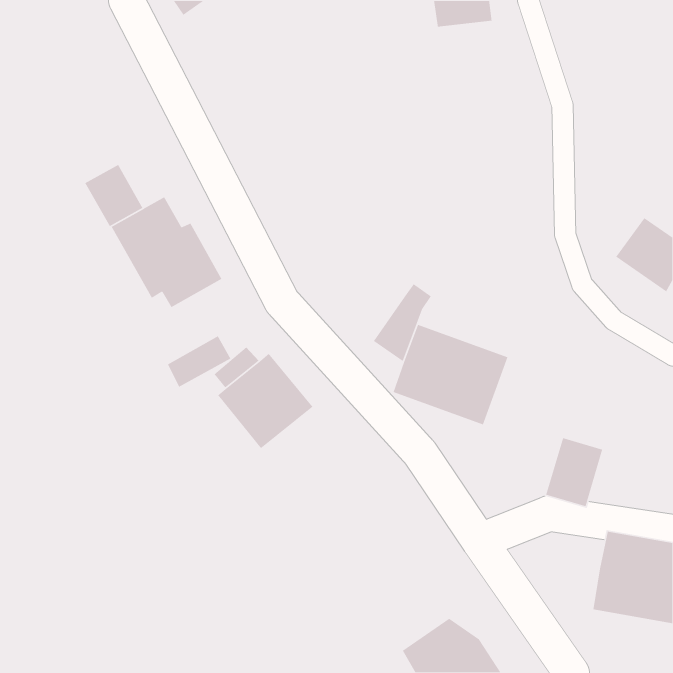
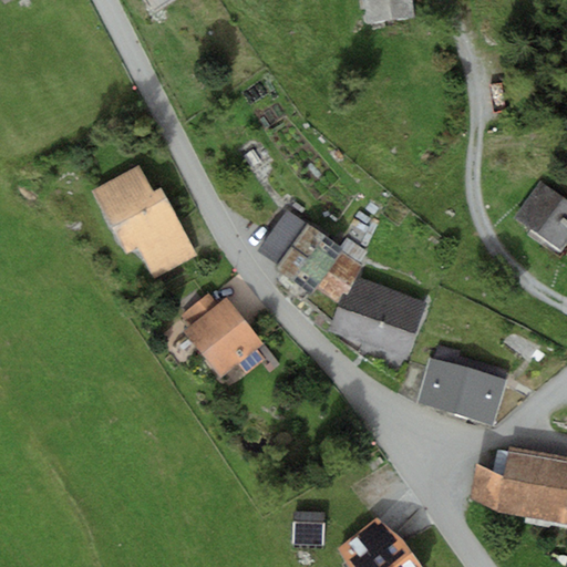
building: [84,164,143,227] -> none
building: none -> [259,212,340,293]
building: [167,335,231,388] -> [144,235,198,279]
building: none -> [419,341,473,416]
building: none -> [470,463,504,513]

